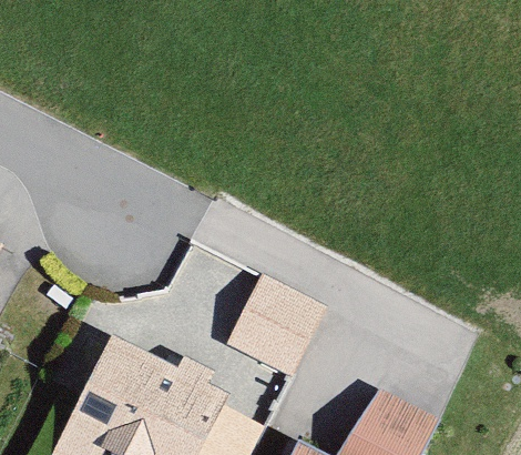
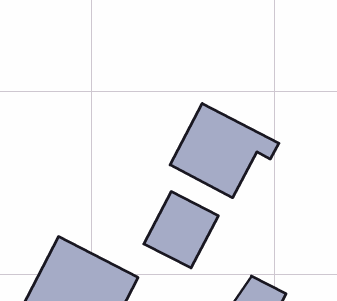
building: none -> [170,103,279,198]

